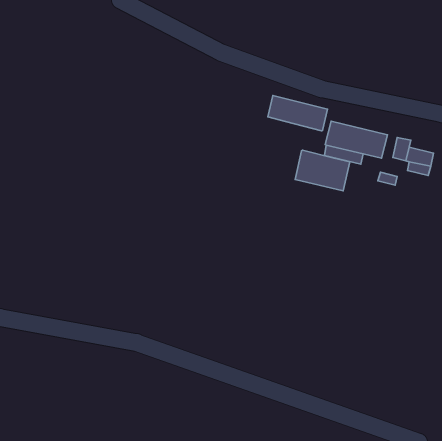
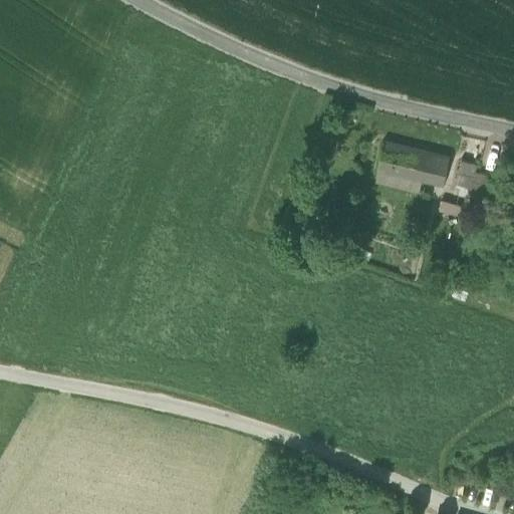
building: [268,96,327,131] -> none
building: [295,150,350,191] -> none

